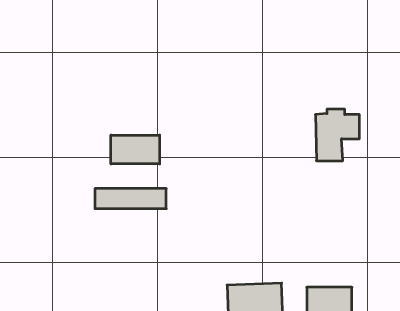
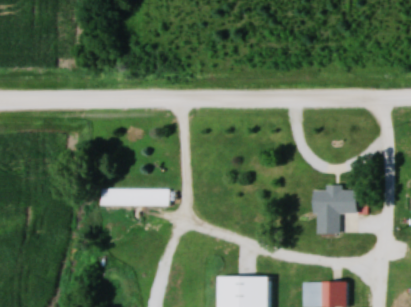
building: [315,109,359,161] -> [313,184,355,233]
building: [111,135,160,164] -> none

